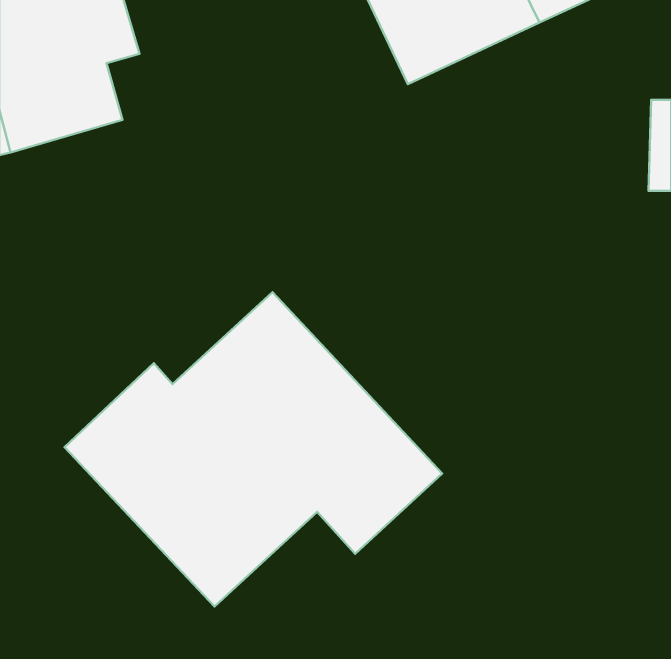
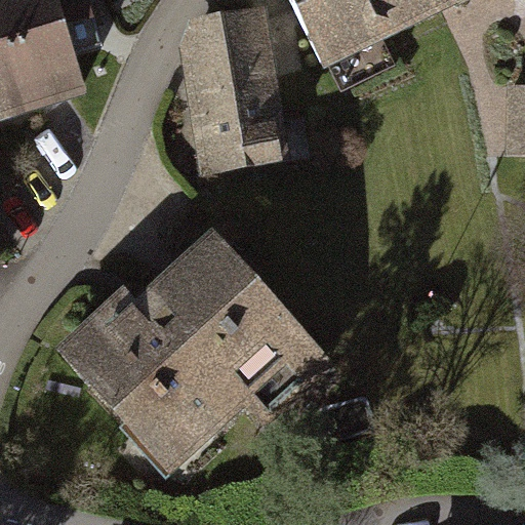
building: none -> [180,5,288,170]

